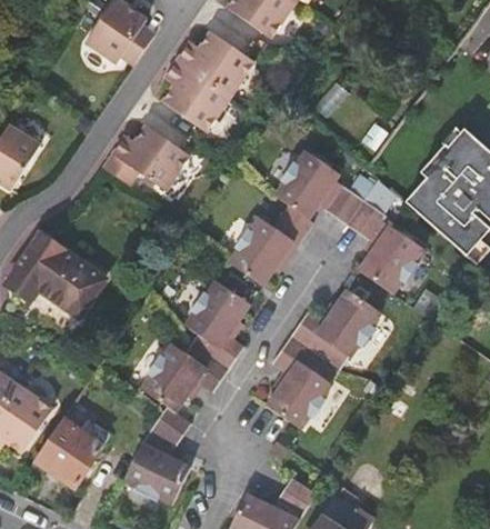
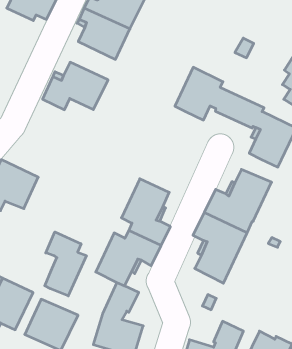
building: [228,206,312,287] -> none
building: [63,259,108,309] -> none
building: none -> [45,232,86,296]

